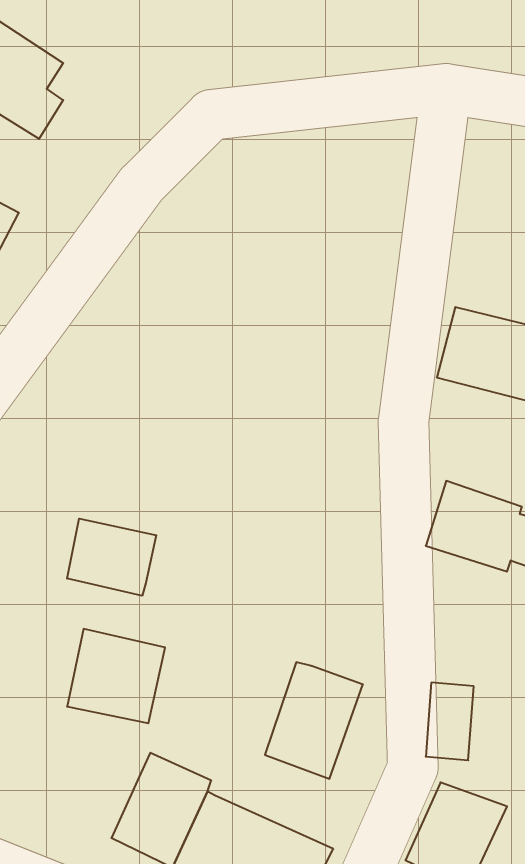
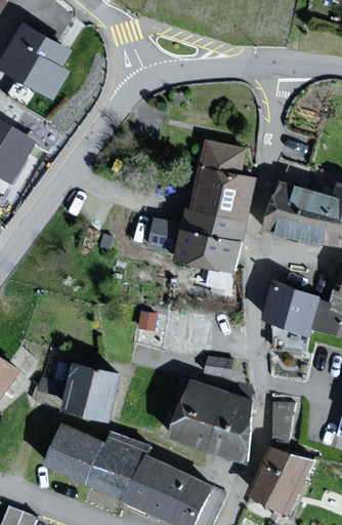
building: none -> [147,146,251,271]
building: [67,519,156,596] -> none
building: none -> [209,397,247,460]
building: none -> [47,428,104,482]

